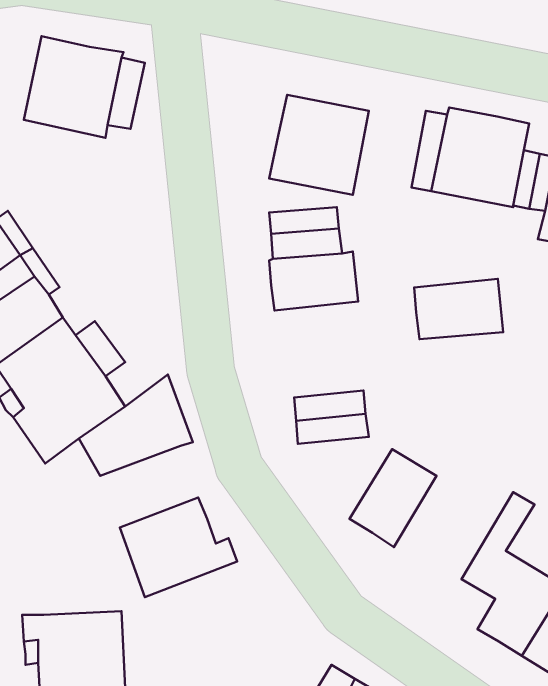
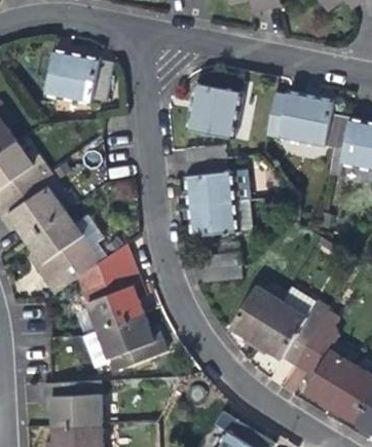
building: [414,279,503,339] -> [188,201,239,236]
building: none -> [87,285,144,332]
building: none -> [257,302,326,362]

